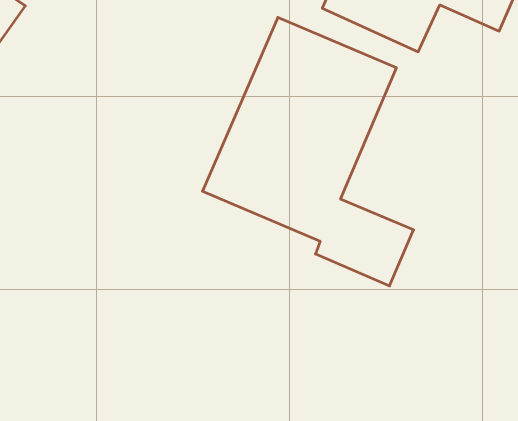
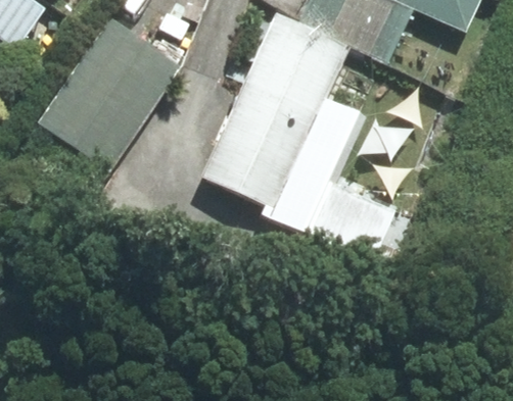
building: none -> [44,20,179,163]

